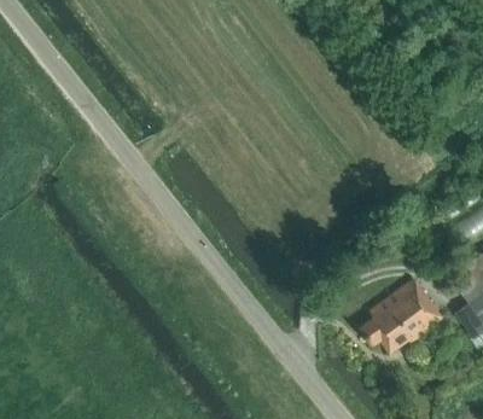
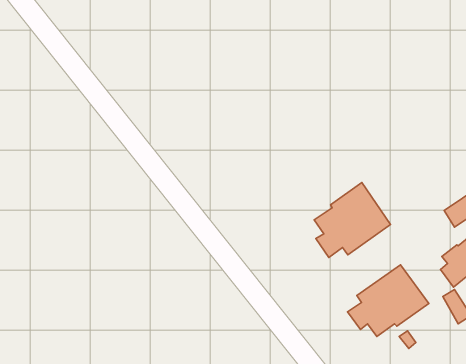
building: none -> [314,183,391,258]

